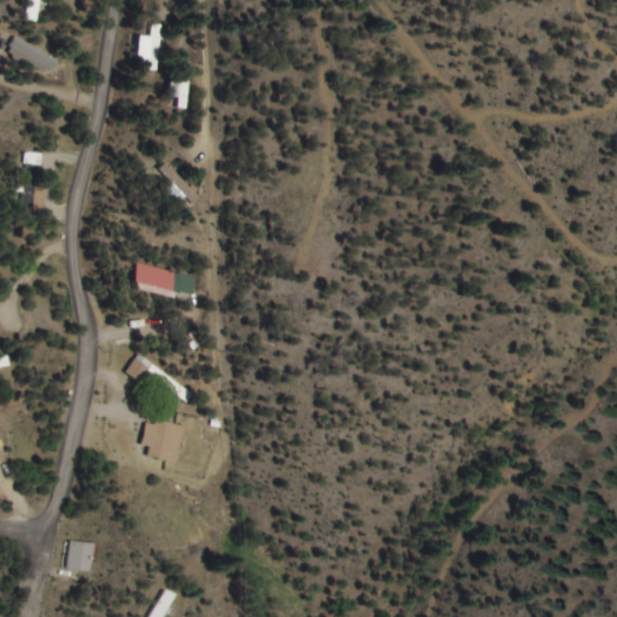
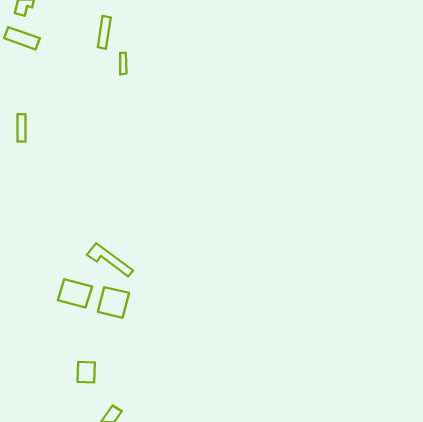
building: [134,265,174,290] -> none
building: none -> [58,279,92,307]
building: [65,541,90,571] -> [77,362,95,383]

